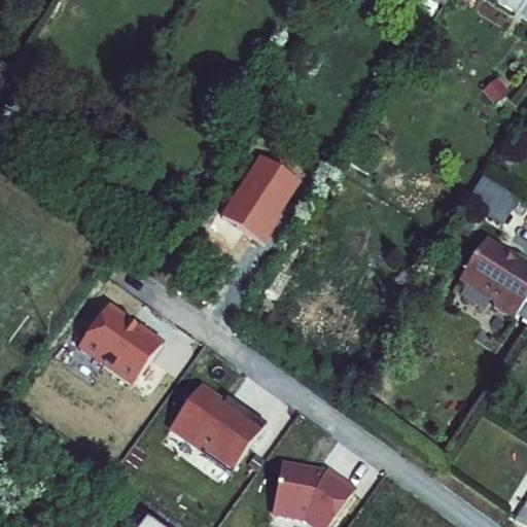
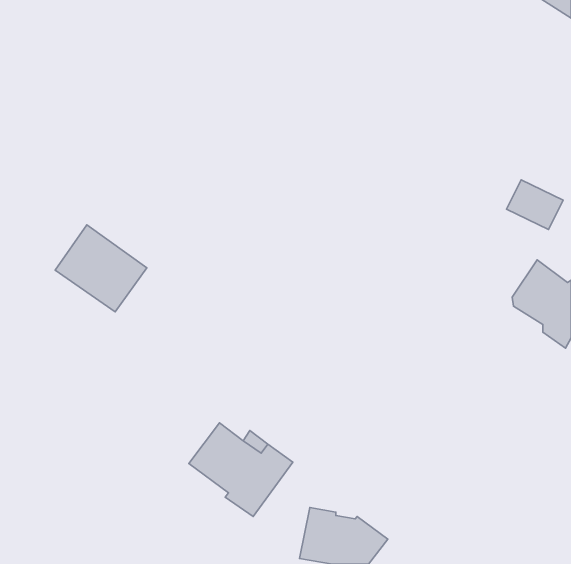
building: [222,153,300,241] -> none
building: [78,304,162,383] -> [55,225,147,312]

